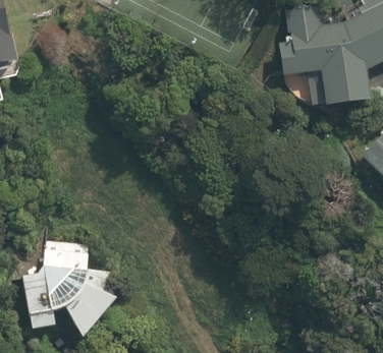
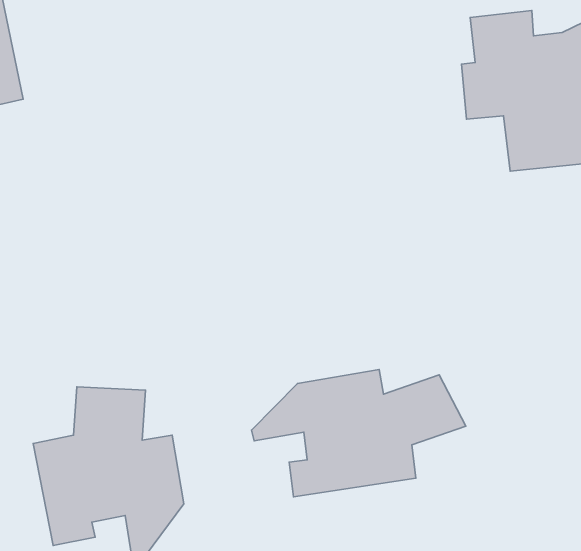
building: none -> [252,370,466,497]

